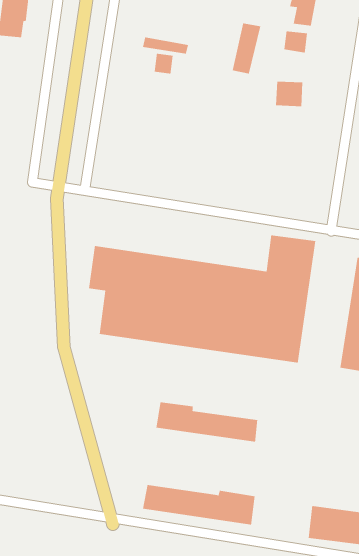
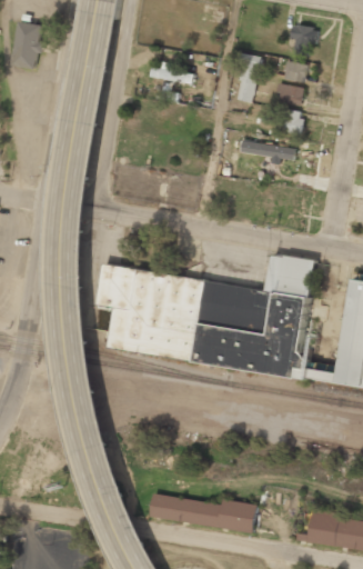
building: none -> [276,83,303,106]
building: none -> [240,142,294,164]
building: [156,402,258,442] -> none

